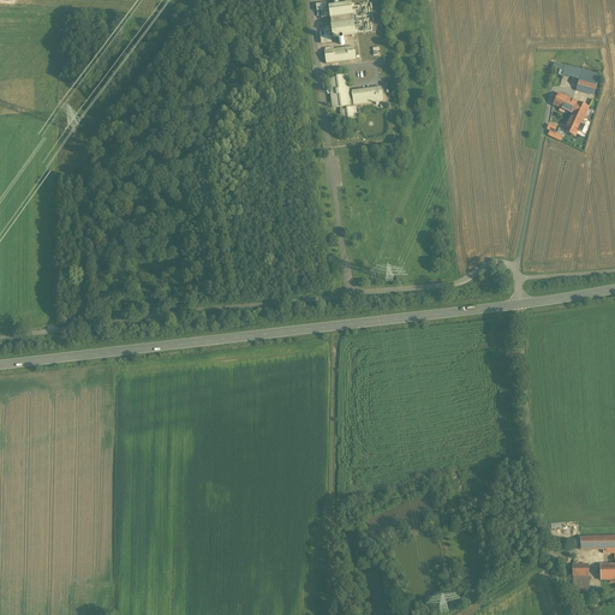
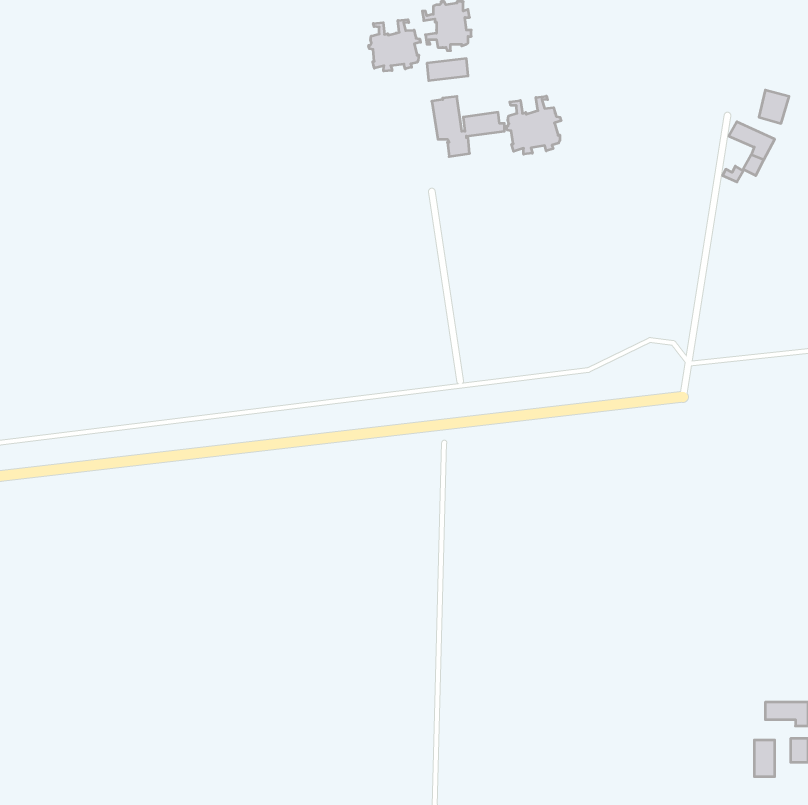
building: none -> [369,20,421,71]
building: none -> [506,96,561,154]

